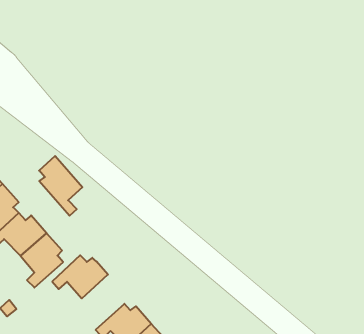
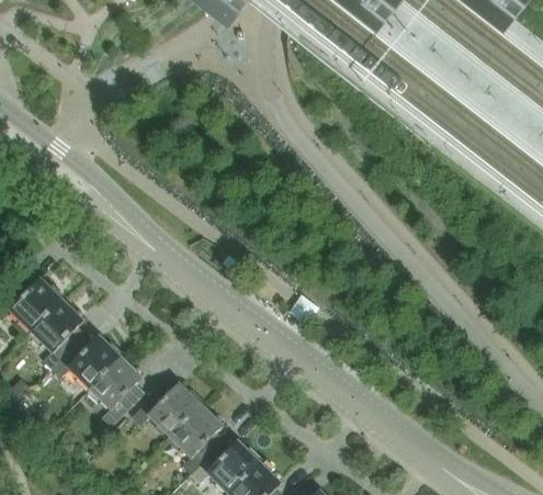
building: [39,156,82,216] -> none
building: none -> [156,390,210,460]

